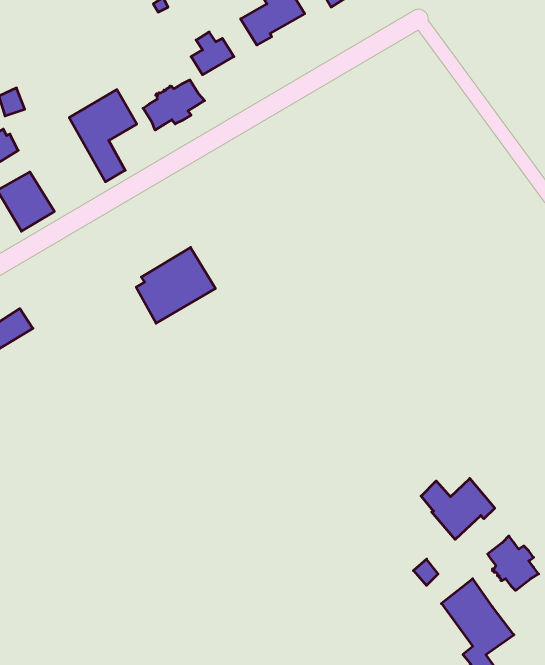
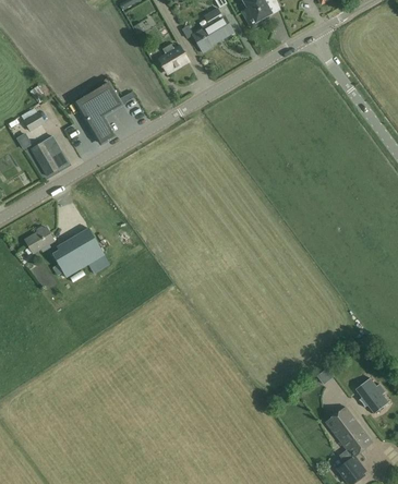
building: [143,80,205,130] -> none
building: [136,247,215,323] -> [51,227,104,277]
building: [421,478,495,539] -> none

